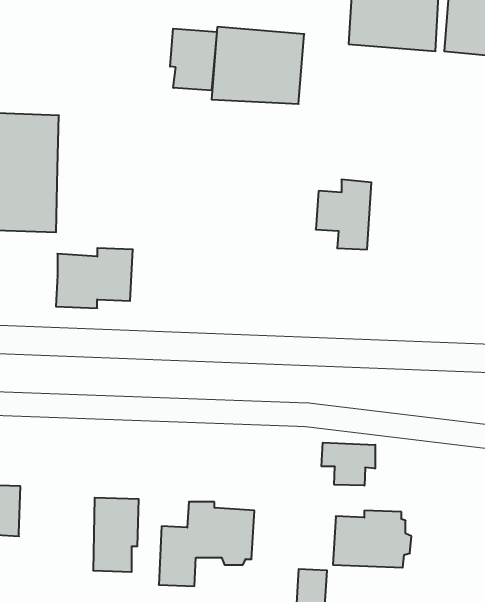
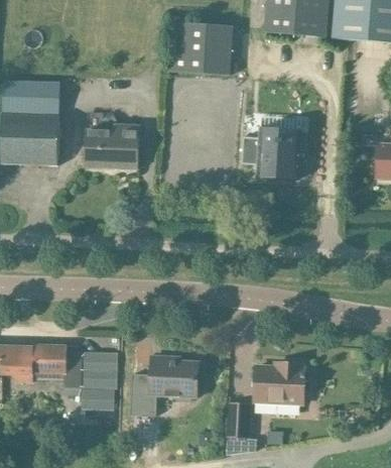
building: [170,29,217,91] -> none
building: none -> [277,130,301,179]
building: [56,248,133,308] -> [85,125,139,167]
building: [322,443,375,486] -> none
building: none -> [31,345,81,386]

